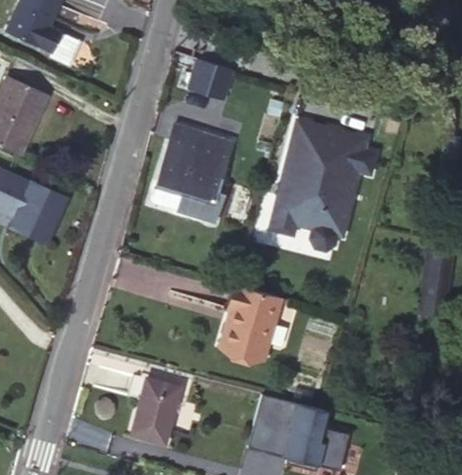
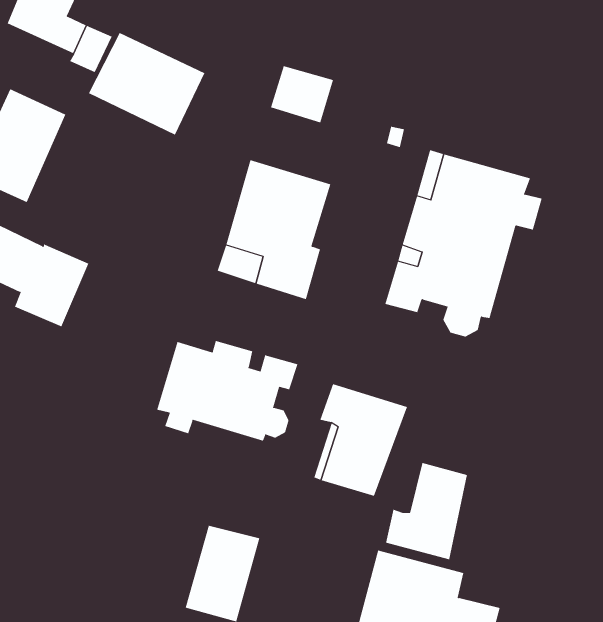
building: none -> [88,32,205,135]
building: none -> [157,340,298,442]
building: none -> [385,462,468,560]

